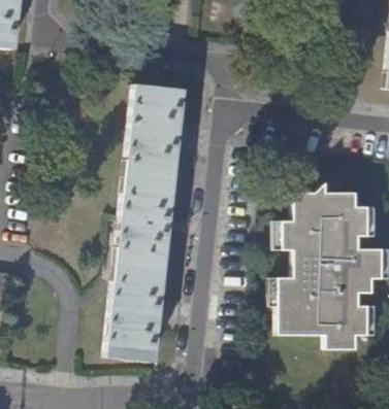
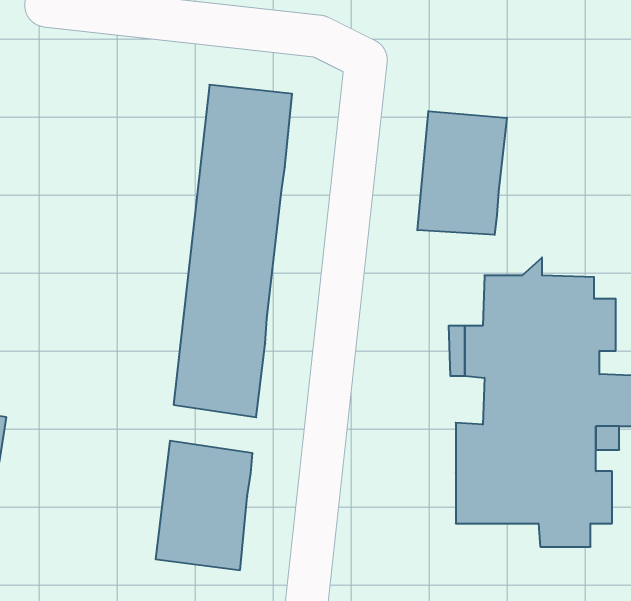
building: none -> [417,111,507,235]
building: [114,268,163,296] -> none

